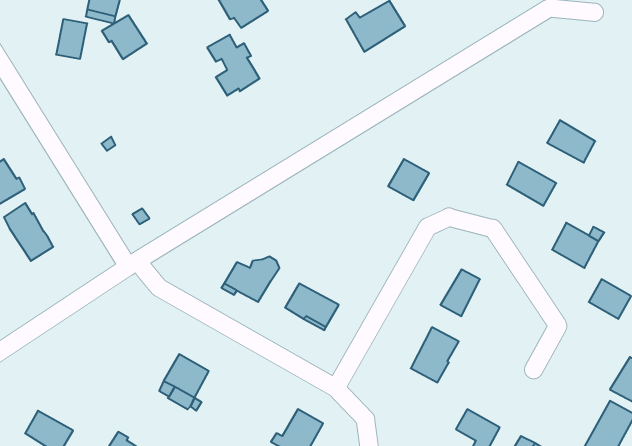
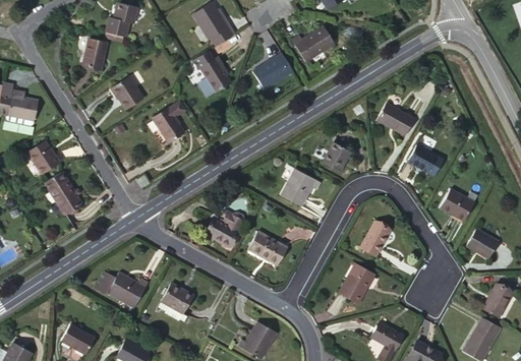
building: [102,15,147,59] -> [111,78,143,110]
building: none -> [253,54,294,92]
building: none -> [154,102,185,143]
building: [547,120,595,163] -> [379,103,413,133]
building: none -> [281,168,320,205]
building: none -> [96,270,148,306]

